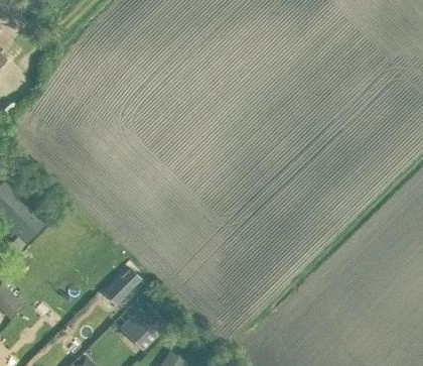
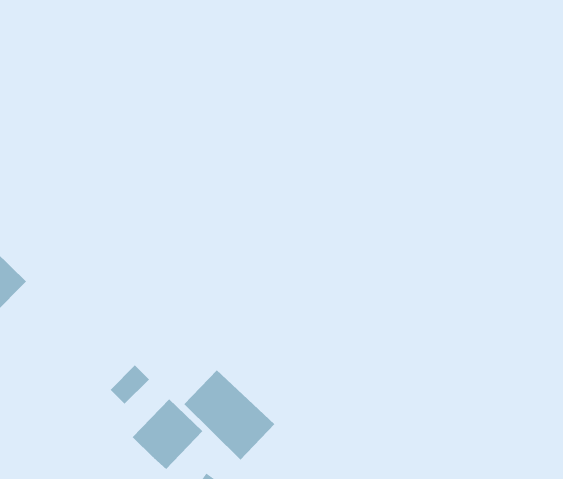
building: none -> [184,370,275,460]

